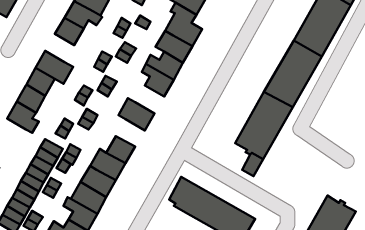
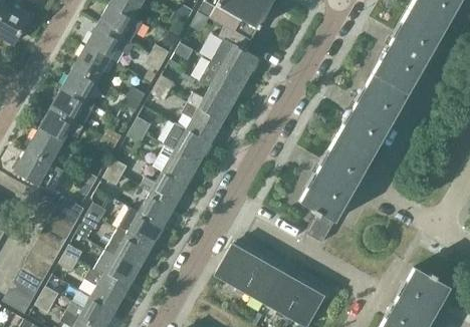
building: none -> [61,66,97,101]
building: none -> [163,124,210,166]
building: none -> [140,173,186,207]

